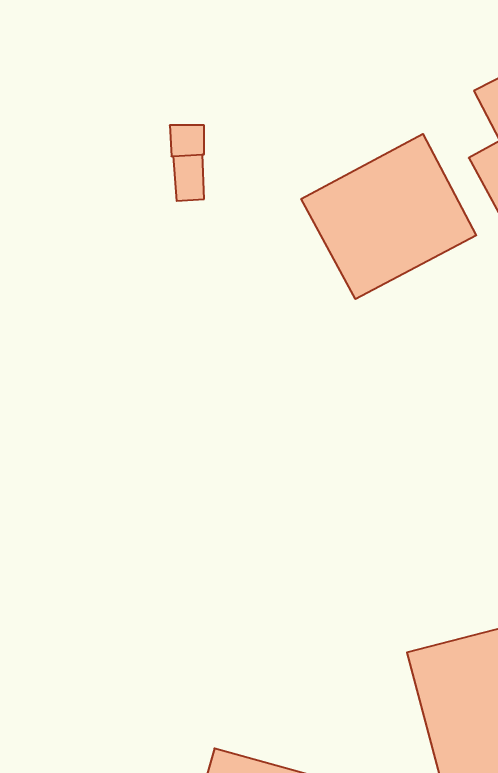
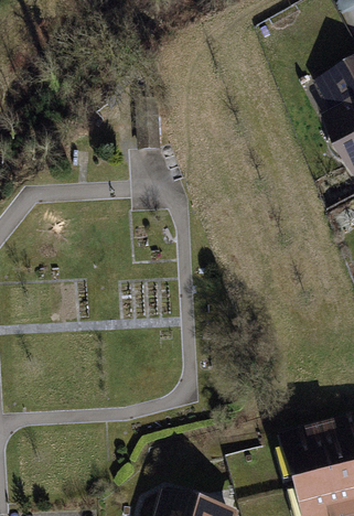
building: [301,134,476,299] -> none

